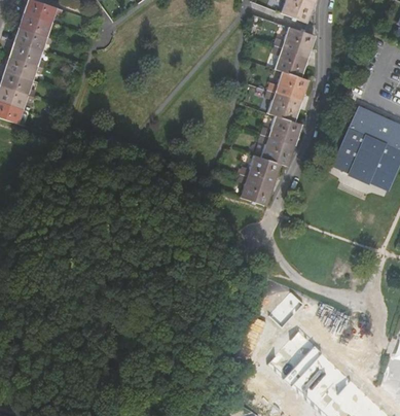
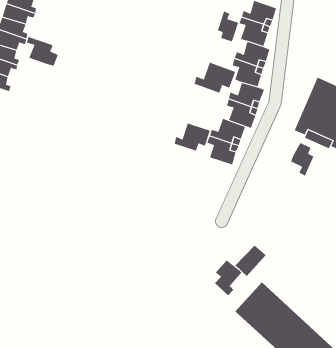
building: none -> [217,11,239,42]
building: none -> [26,36,58,67]
building: none -> [194,62,236,93]
building: none -> [174,122,210,151]
building: none -> [290,142,314,176]
building: none -> [214,259,242,296]

